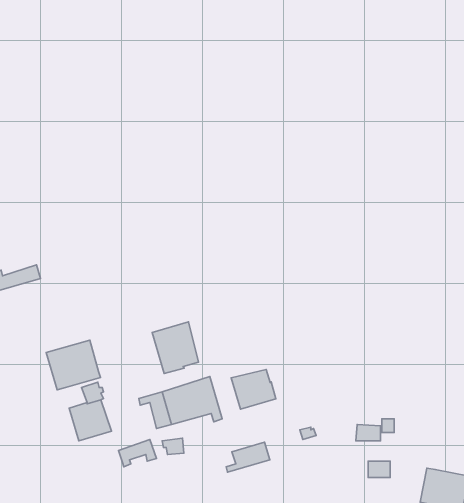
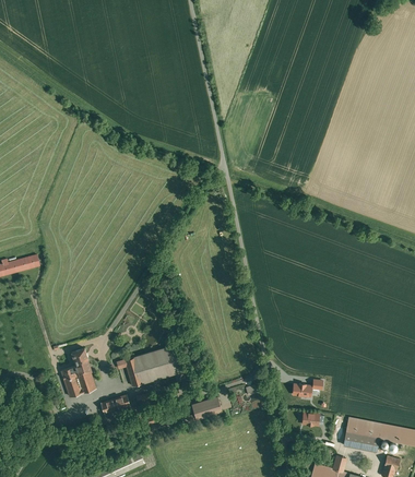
building: [152,322,198,373] -> none
building: [46,340,101,390] -> none
building: [231,369,276,409] -> none

